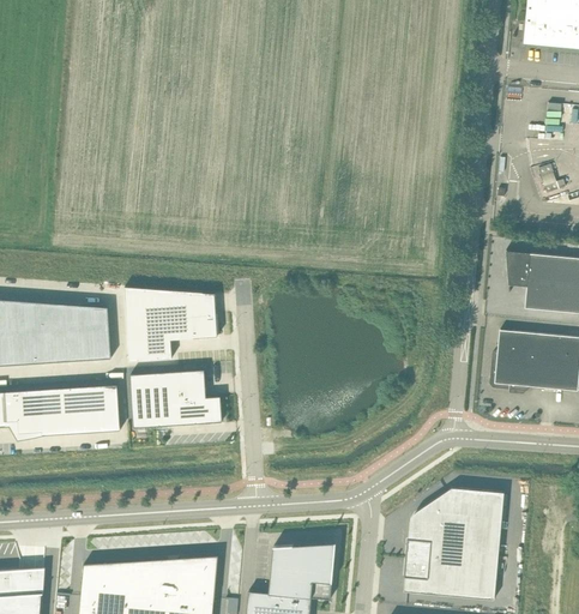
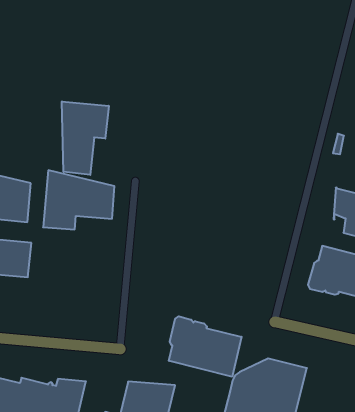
building: none -> [62,101,109,175]
building: [129,371,221,428] -> none
building: none -> [169,316,242,377]

